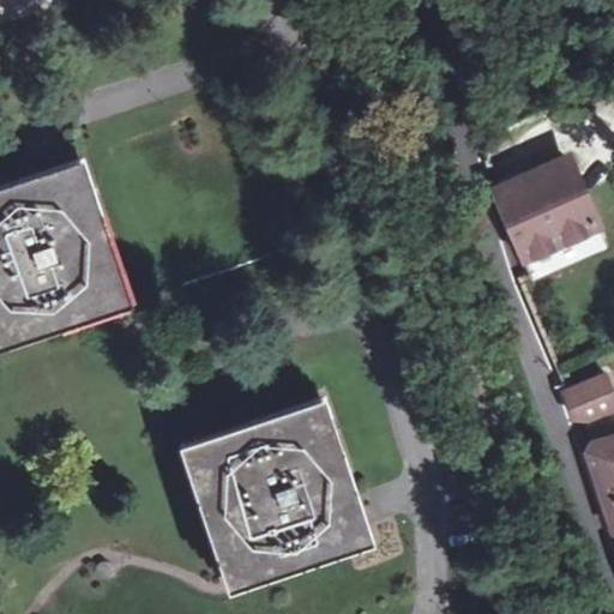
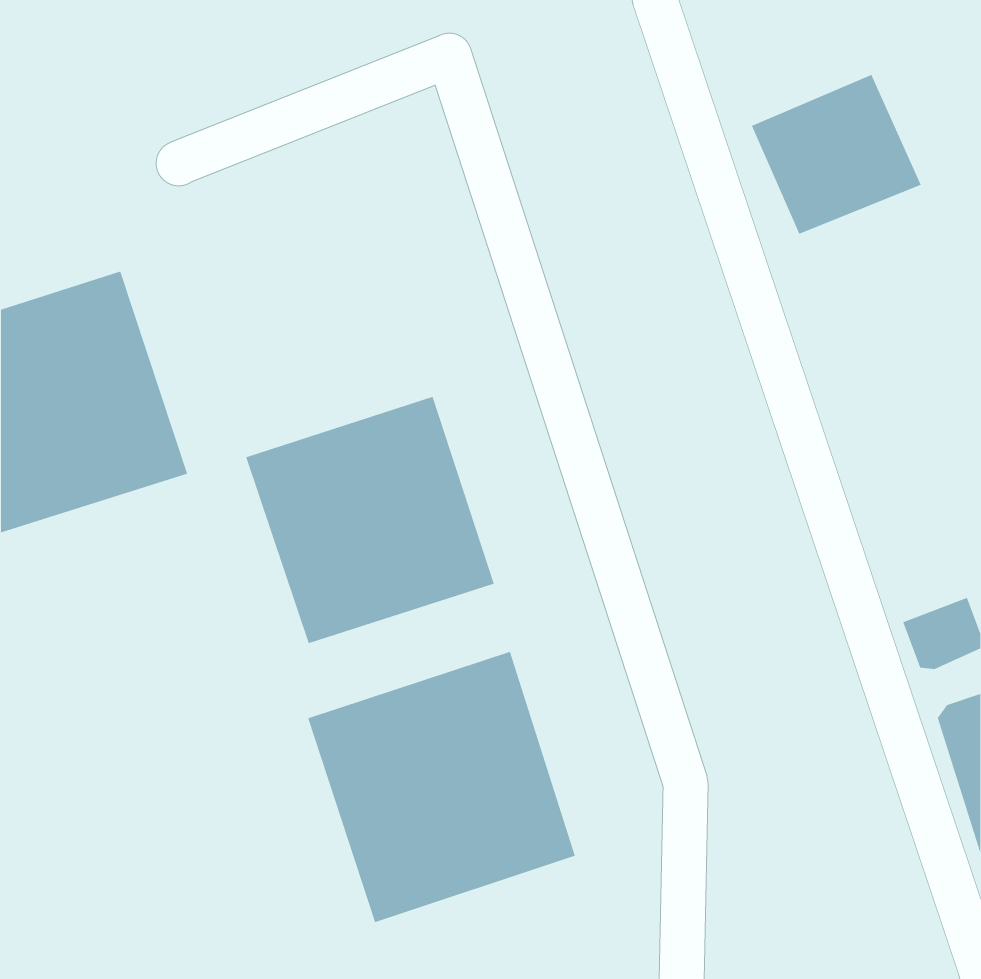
building: [492,155,598,255] -> [751,74,922,235]
building: none -> [245,396,495,644]

